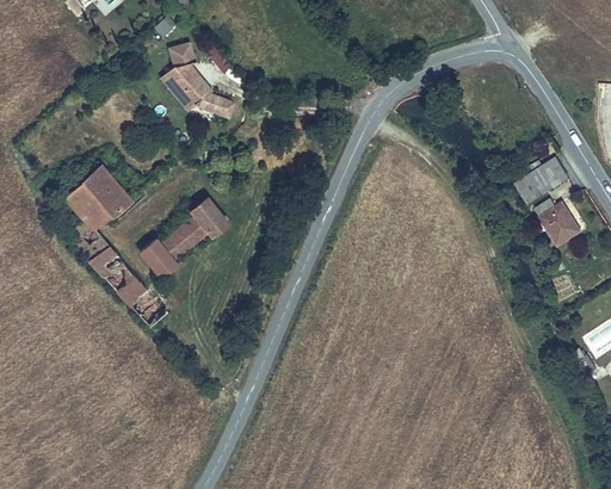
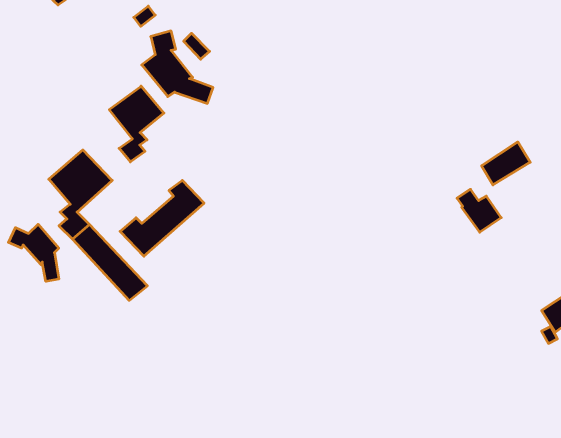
building: none -> [109,86,164,162]
building: [536,200,582,246] -> [457,189,501,232]
building: none -> [8,224,59,281]

